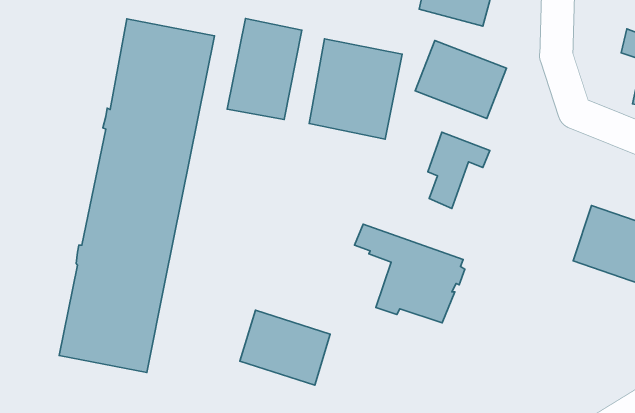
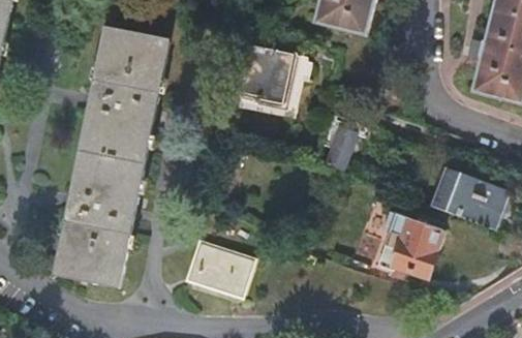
building: [227,19,302,119] -> none
building: [415,41,507,118] -> none
building: [355,224,465,323] -> [361,204,441,276]

